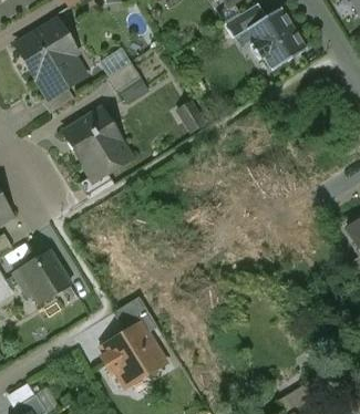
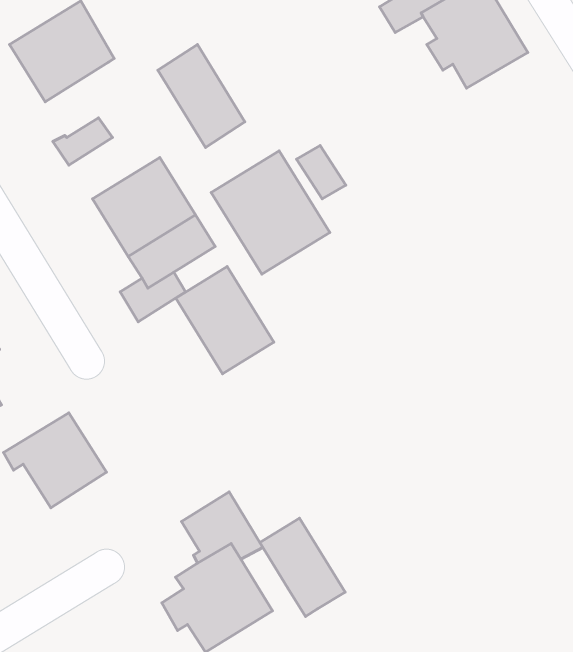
building: [37,54,81,96] -> none
building: none -> [211,151,330,274]
building: none -> [176,267,274,374]
building: none -> [260,518,345,616]

